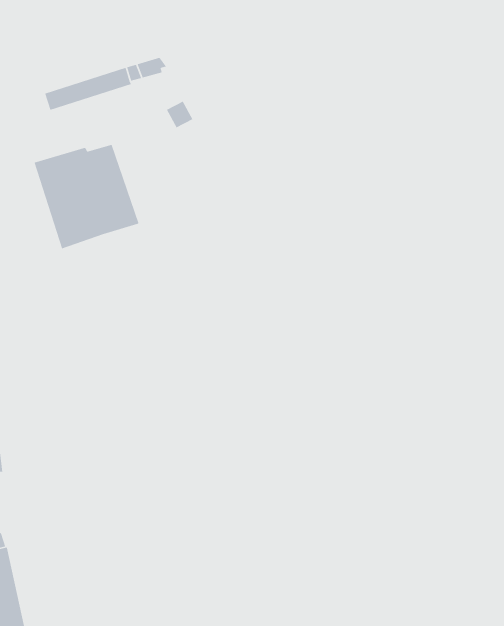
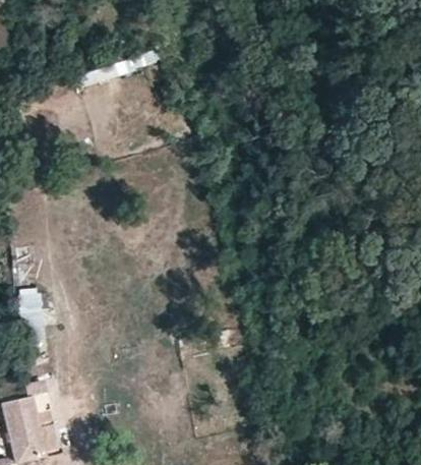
building: [33,144,139,250] -> none

